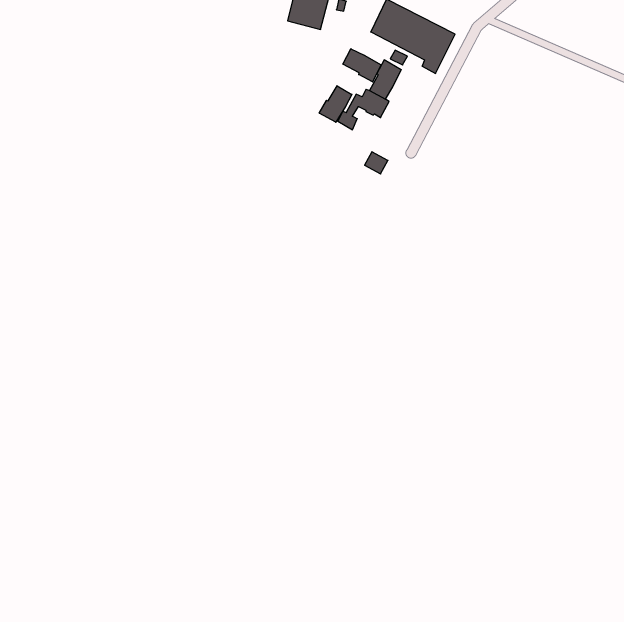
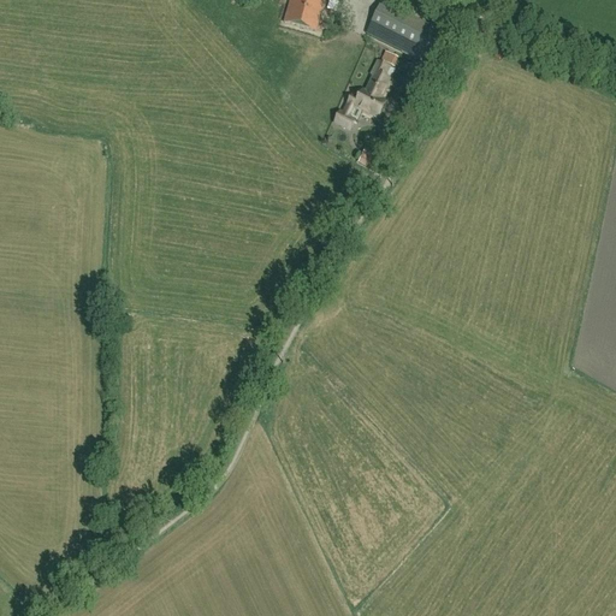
building: [343,49,381,82] -> none
building: [319,86,352,122] -> none

